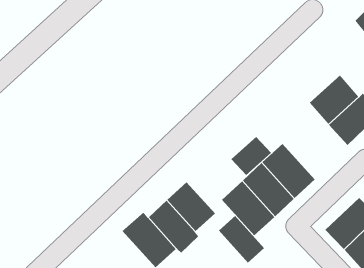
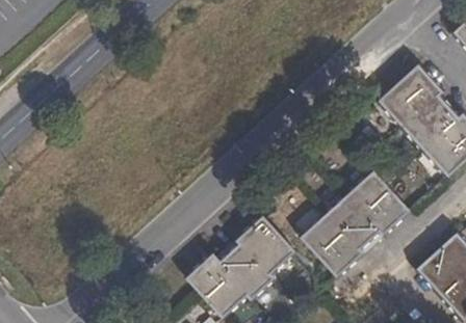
building: none -> [378,64,441,126]
building: [230,136,272,176] -> none
building: [218,215,265,264] -> none

